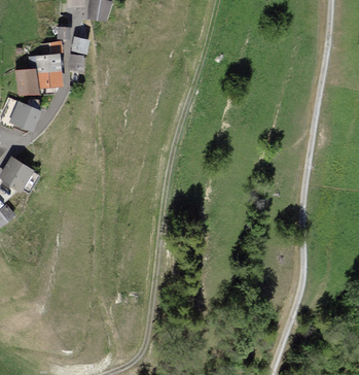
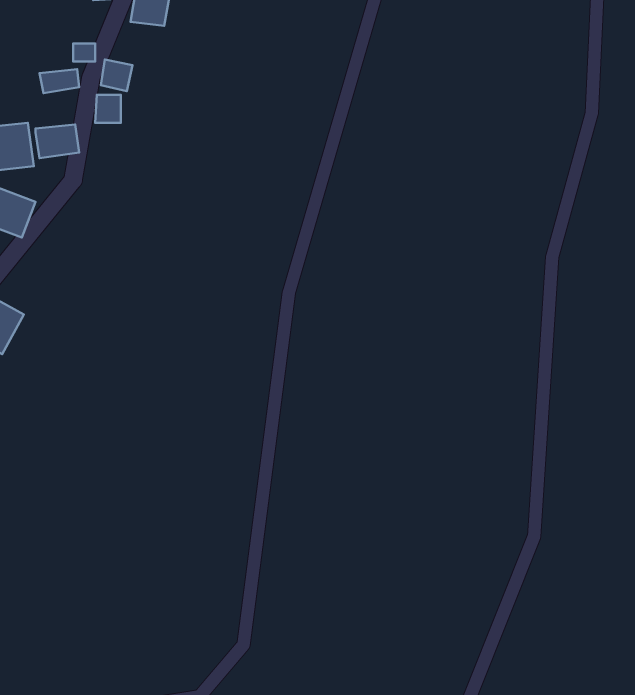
building: [30,55,60,73] -> none

